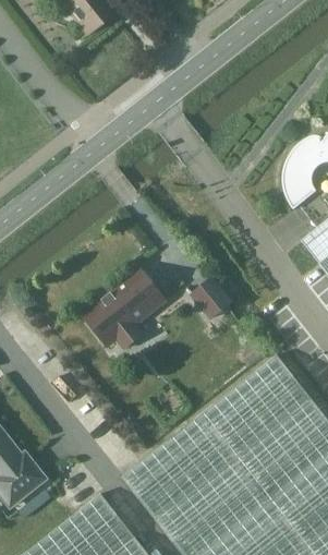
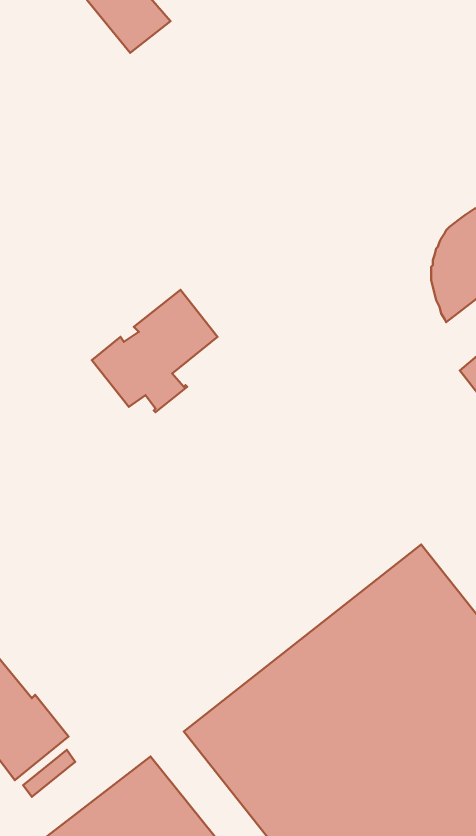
building: [83,273,165,352] -> [92,290,217,412]
building: [191,280,231,321] -> none

